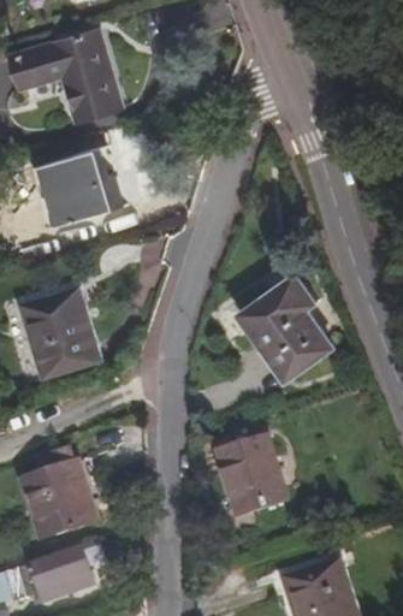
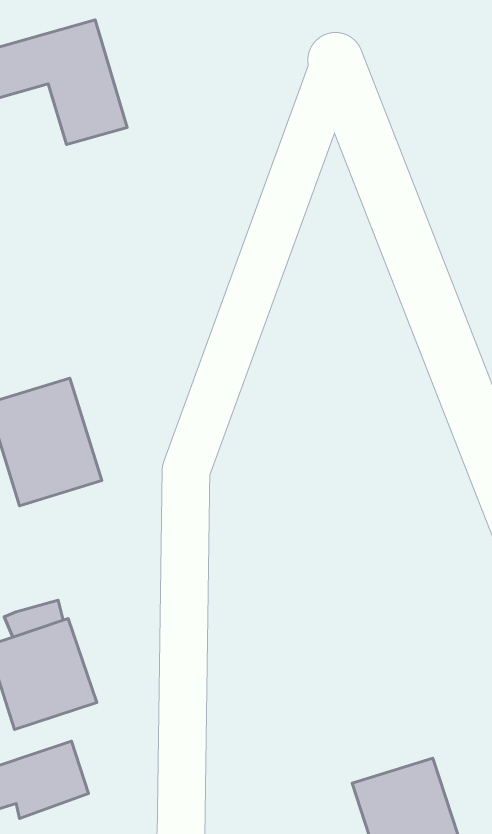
building: [40,152,114,225] -> none
building: [239,277,331,378] -> none
building: [215,436,288,516] -> none

